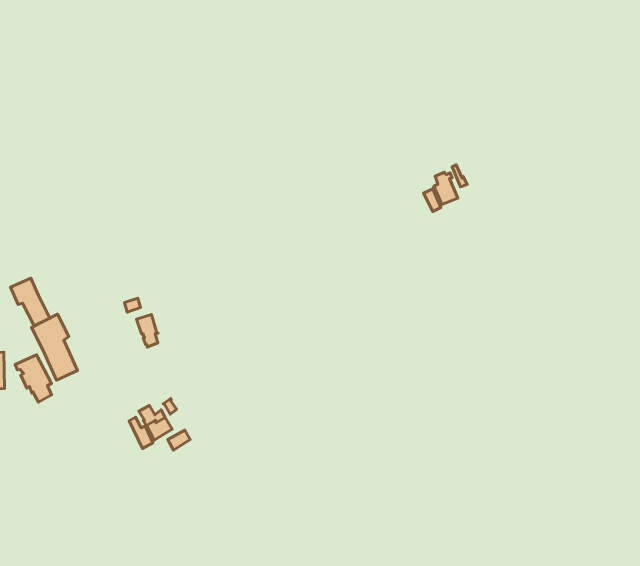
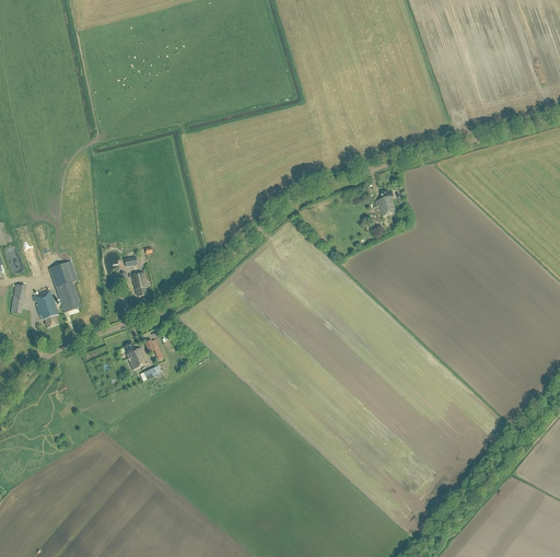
building: [10,278,50,326] -> none

